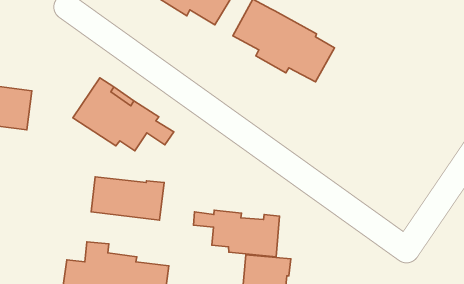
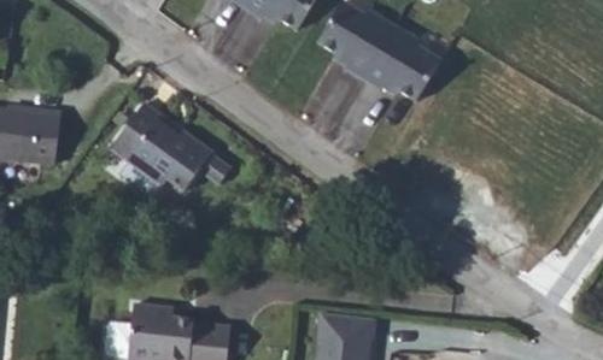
building: [91,177,164,220] -> none
building: [193,210,280,257] -> none

